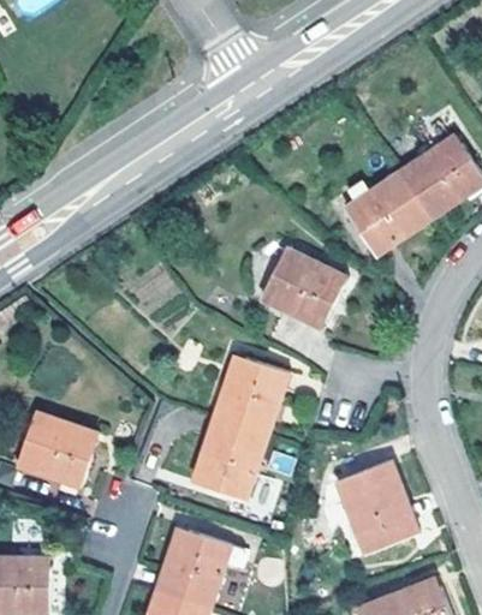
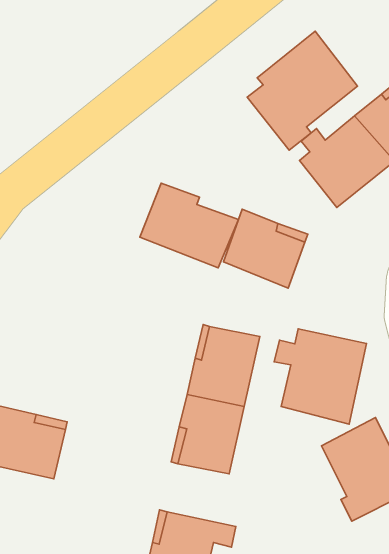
building: none -> [247,31,357,150]
building: none -> [140,183,239,268]
building: none -> [274,329,366,424]

